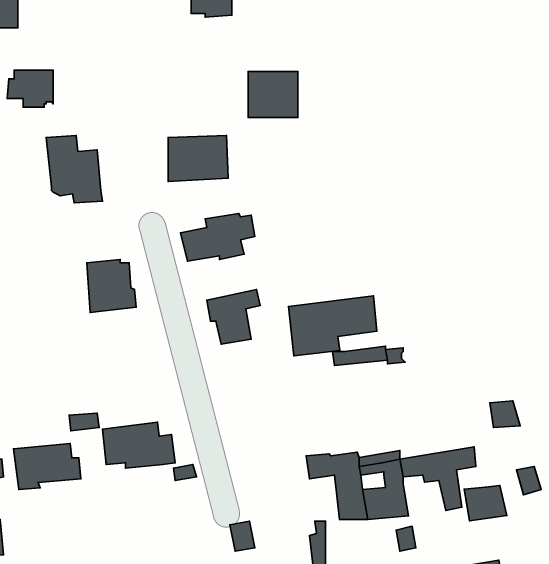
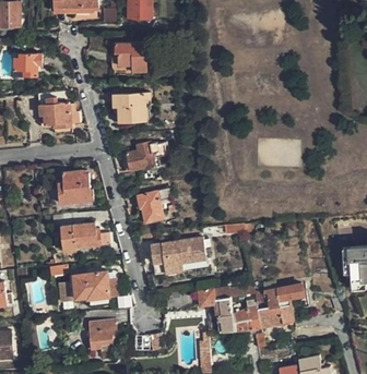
building: [248,71,298,117] -> [115,45,145,73]
building: [288,296,377,356] -> [151,240,205,277]
building: [14,444,81,490] -> [58,224,99,252]
building: [464,485,507,521] -> [258,307,284,329]
building: none -> [88,321,117,349]

